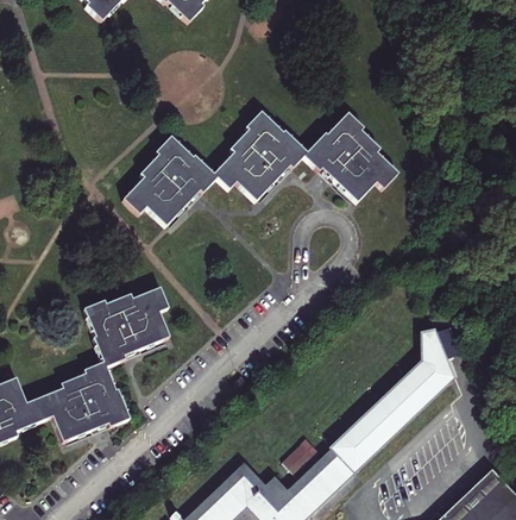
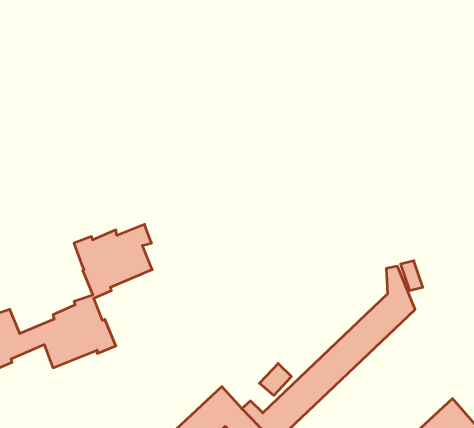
building: [124,111,398,223] -> none

